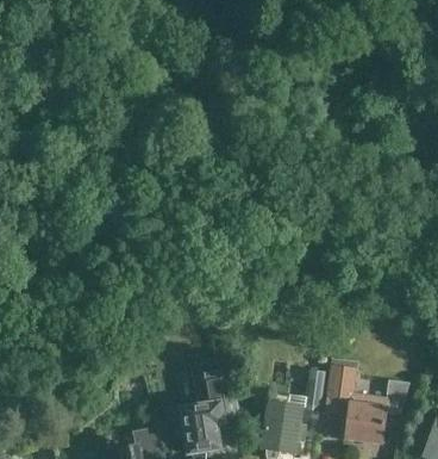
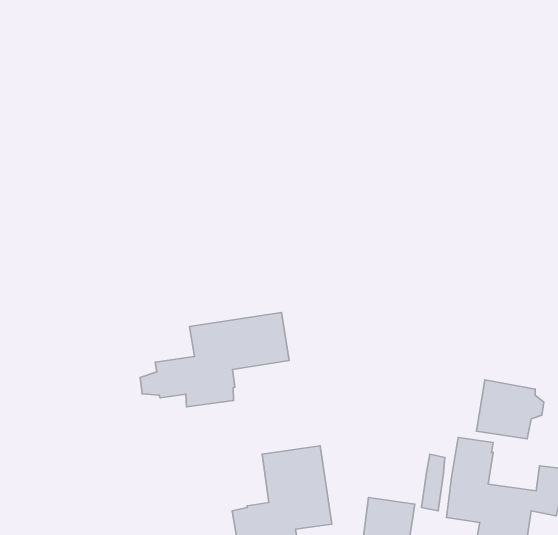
building: none -> [140,313,289,407]
building: none -> [476,380,544,439]

